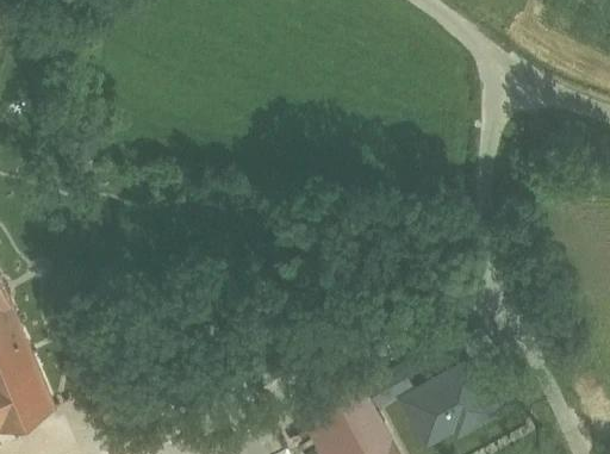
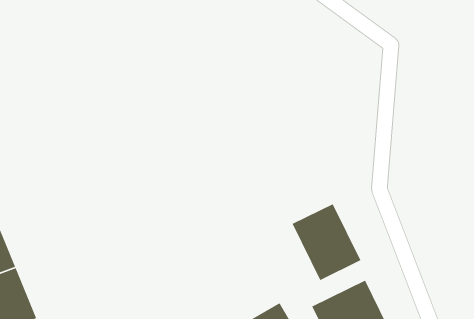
building: none -> [292,203,362,281]

